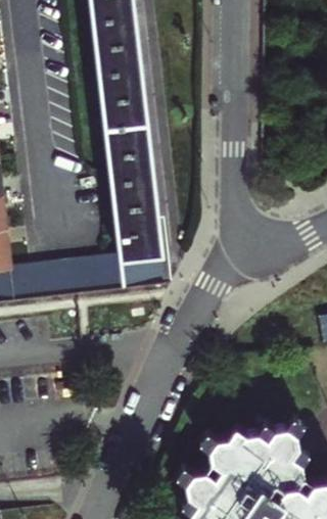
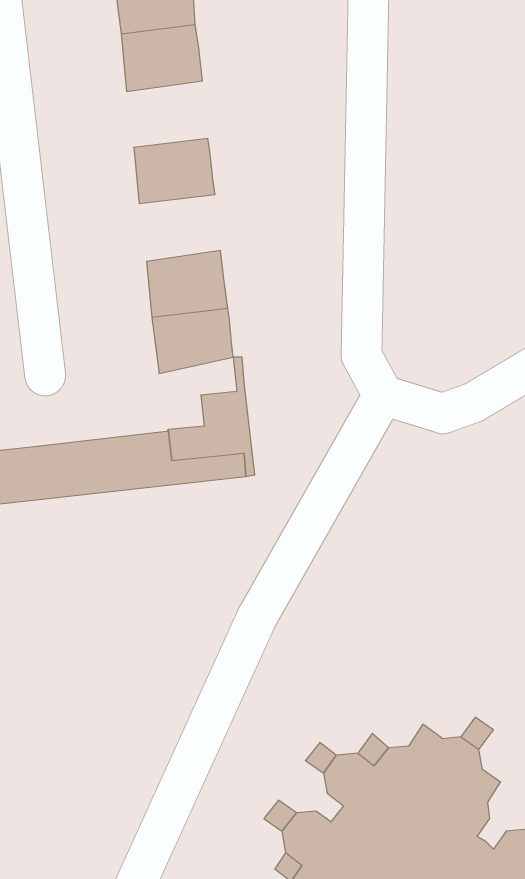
building: [97,55,143,93] -> none
building: [104,120,150,157] -> none
building: [115,211,159,253] -> none

